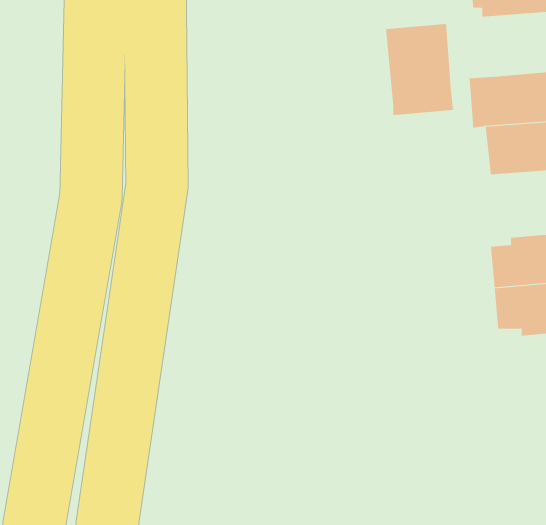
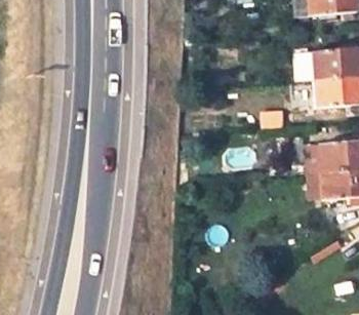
building: [386,23,454,116] -> none

